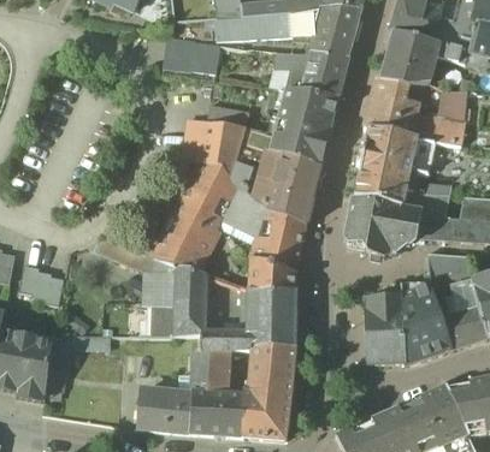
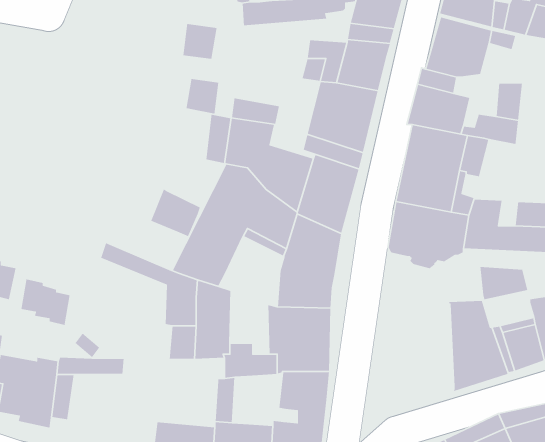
building: [190,40,220,72] -> [186,78,219,115]
building: none -> [150,188,201,237]
building: [367,286,406,364] -> none
building: [208,350,231,393] -> none

